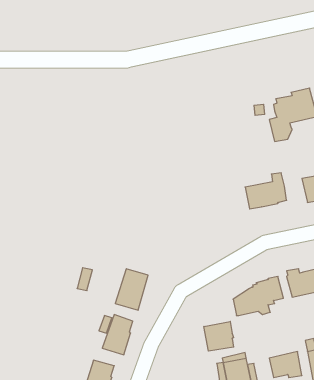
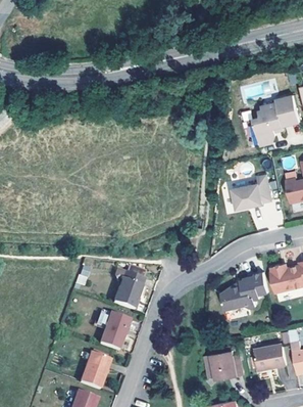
building: [204,321,234,351] -> none

